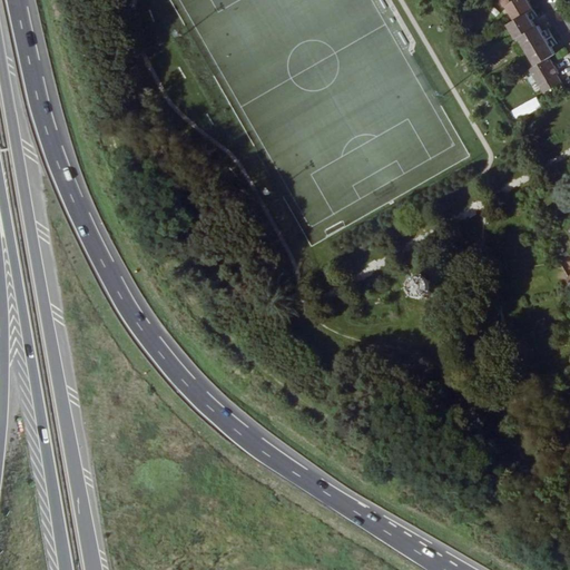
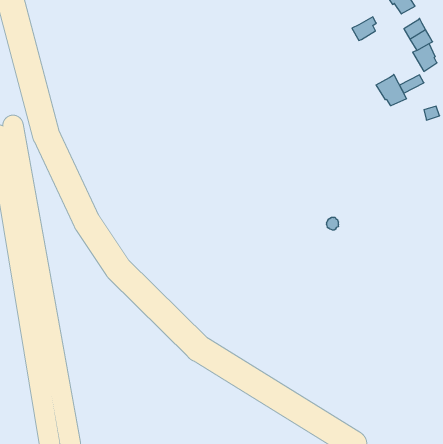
building: [504,8,535,38] -> [352,17,376,40]
building: none -> [376,74,406,106]

